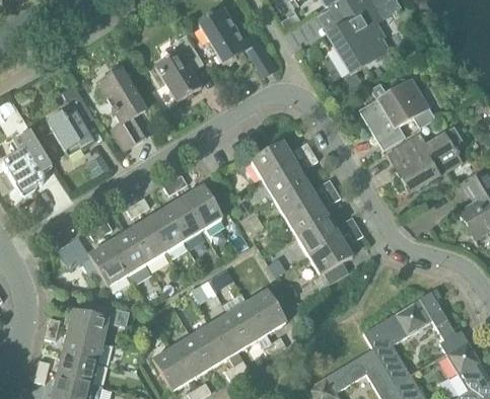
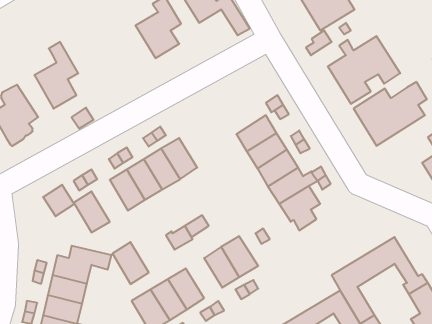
building: [97,69,145,150] -> none
building: [250,142,294,182] -> none
building: [109,231,147,275] -> [112,242,149,284]
building: [209,314,248,356] -> none

